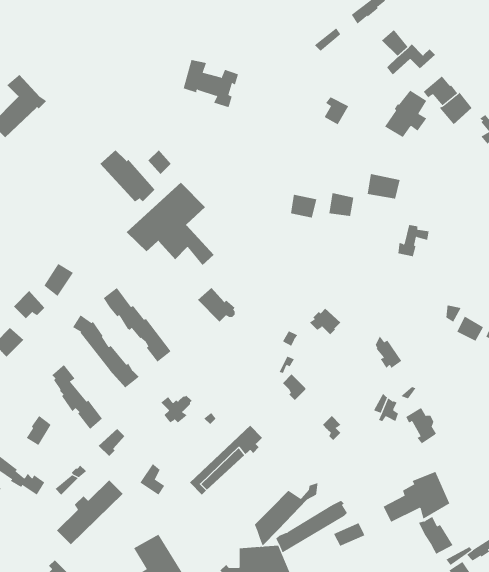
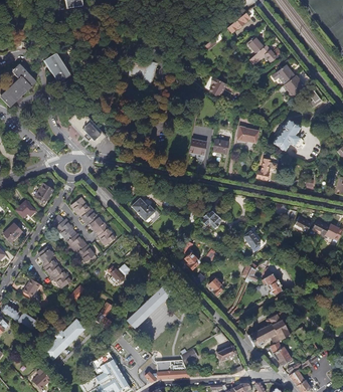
building: none -> [43,51,70,82]
building: [384,90,427,138] -> [273,119,300,149]
building: [126,182,215,266] -> none
building: [254,482,318,546] -> none

